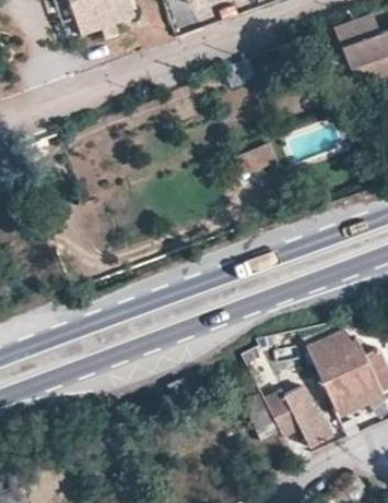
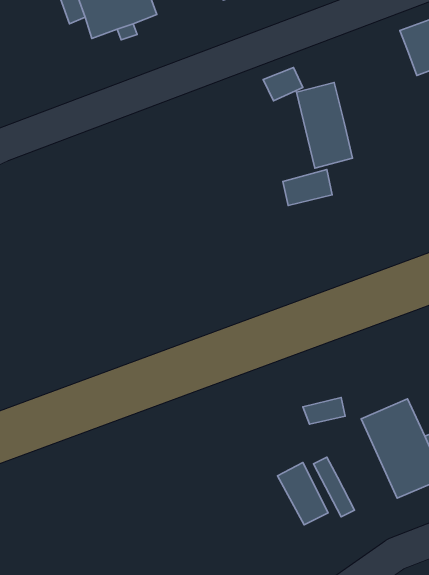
building: none -> [296,82,352,168]
building: [286,387,332,444] -> none

